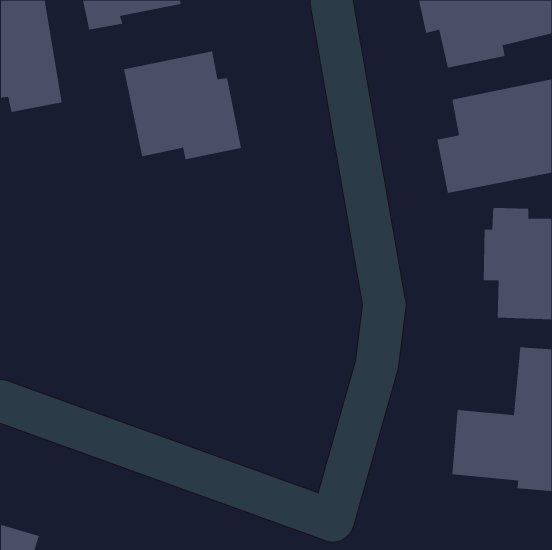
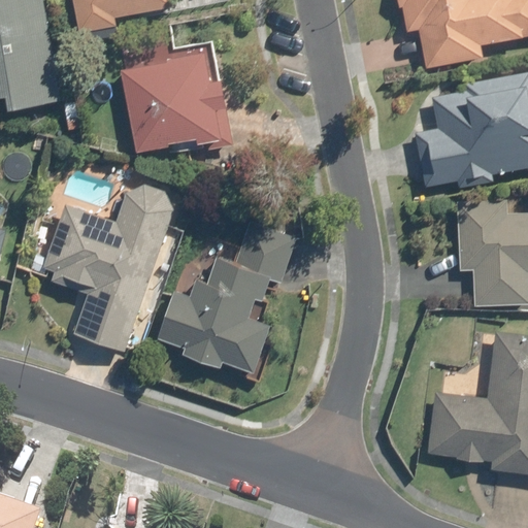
building: none -> [40,186,172,349]
building: none -> [158,221,294,365]

